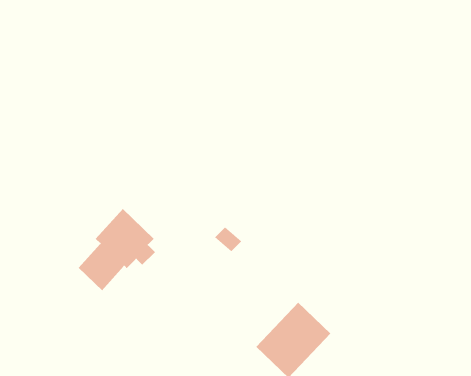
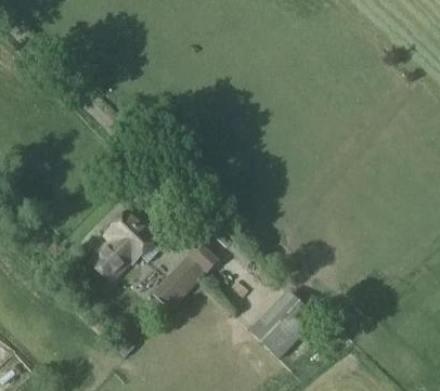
building: none -> [151,242,217,310]

